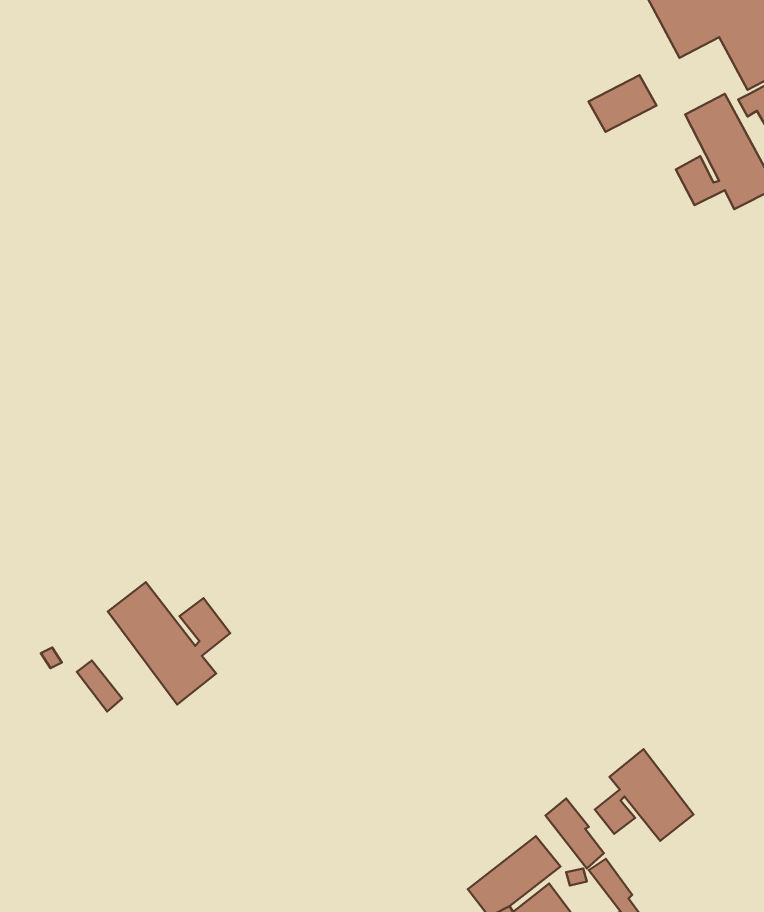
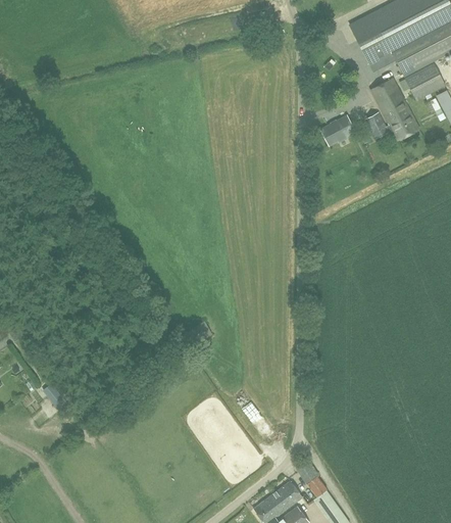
building: [588,75,657,132] -> [319,114,356,145]
building: [108,582,230,705] -> none
building: [595,749,694,841] -> none

